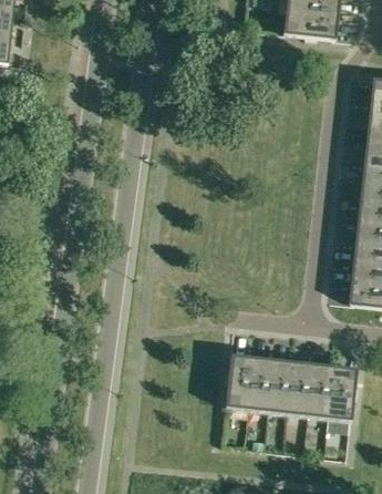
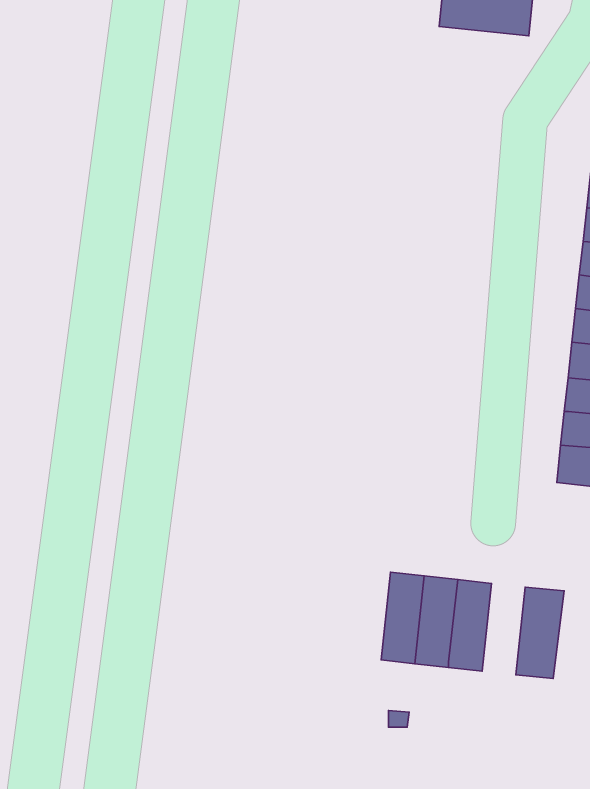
building: [225,354,254,409] -> none
building: [308,363,333,418] -> none

